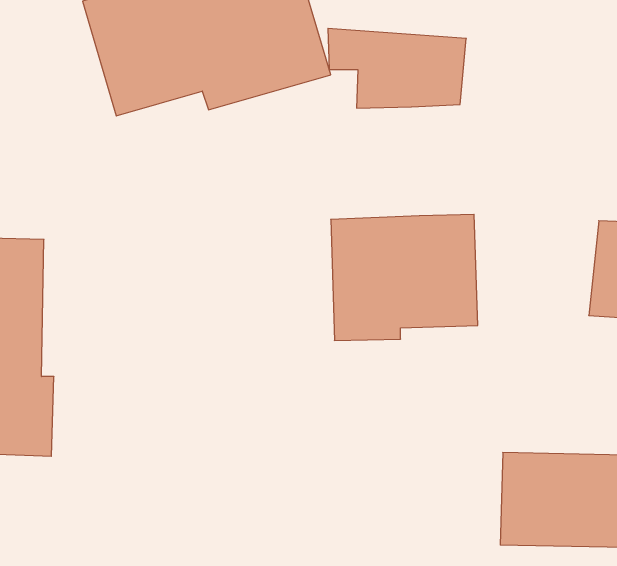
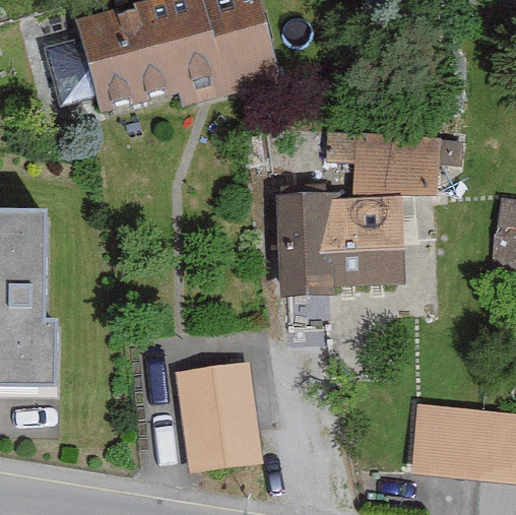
building: [328,28,466,108] -> [328,129,441,194]
building: none -> [175,368,258,468]

